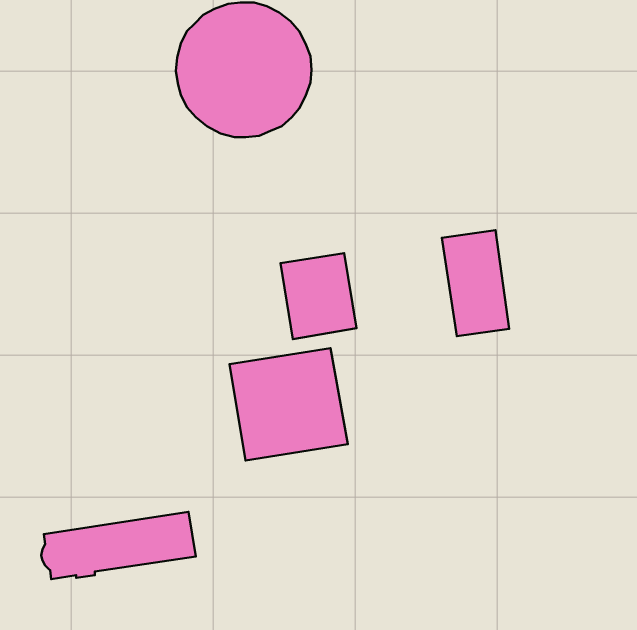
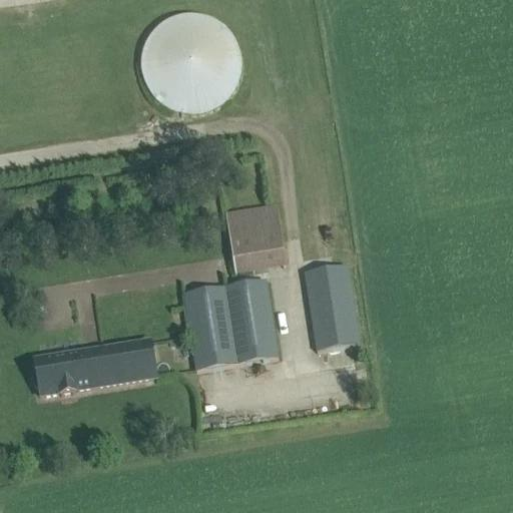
building: [442,230,509,336] -> [306,266,360,351]
building: [41,512,196,579] -> [33,340,157,394]

